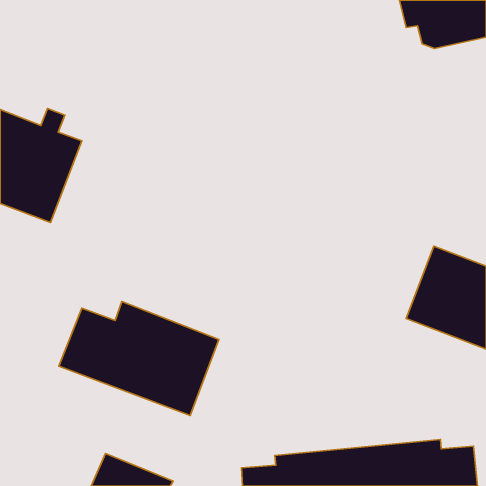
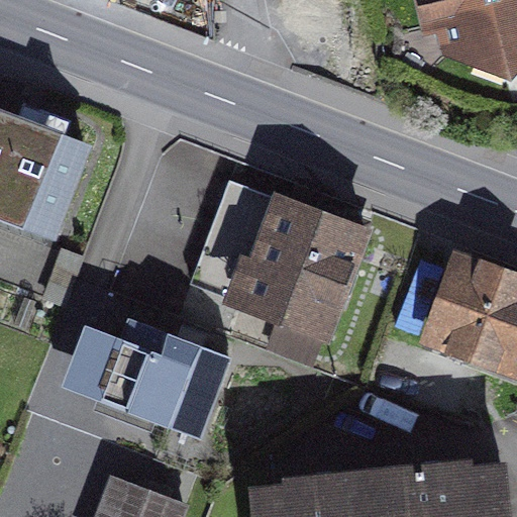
building: none -> [193,184,369,338]

